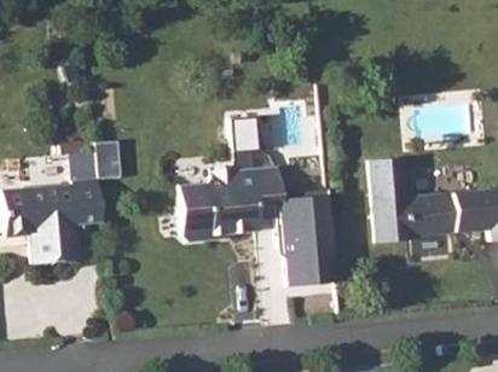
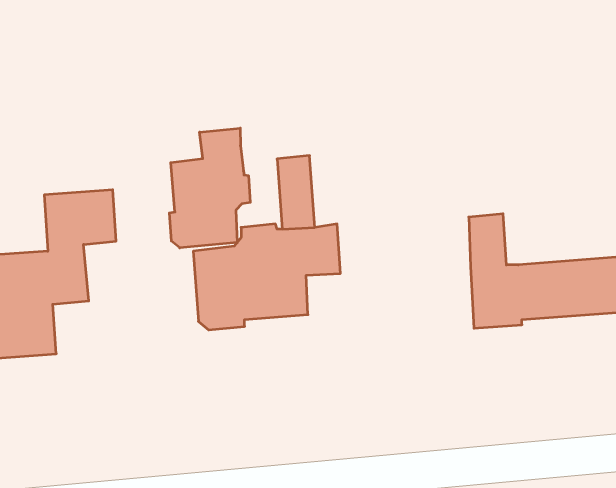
building: none -> [169,128,250,248]
building: [285,196,338,286] -> none

